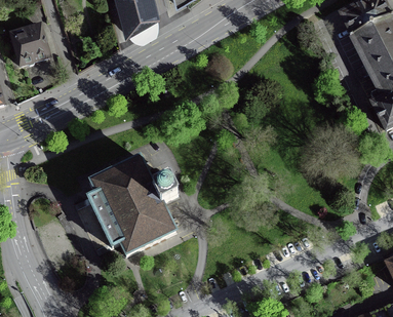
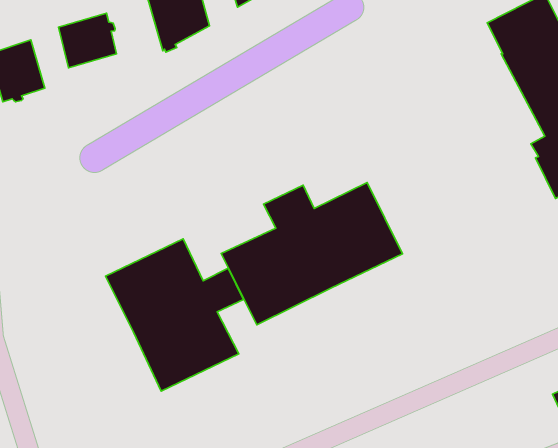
building: none -> [59,13,117,68]
building: none -> [221,182,403,325]

